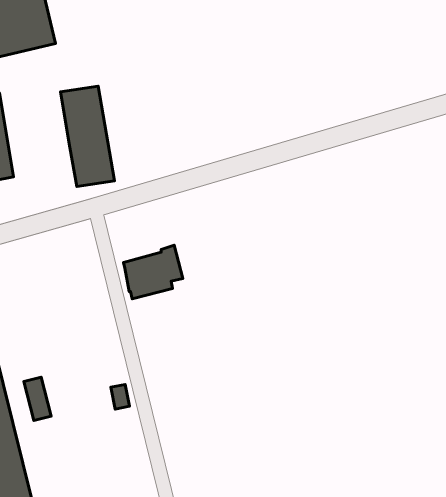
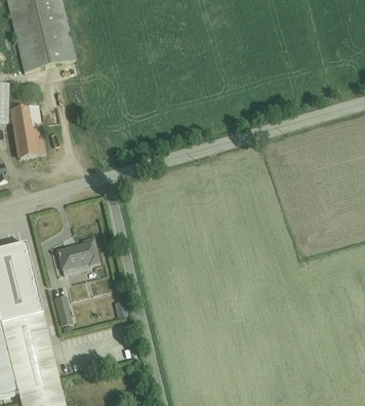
building: [60,86,114,187] -> none
building: [123,245,183,299] -> [57,237,99,275]

